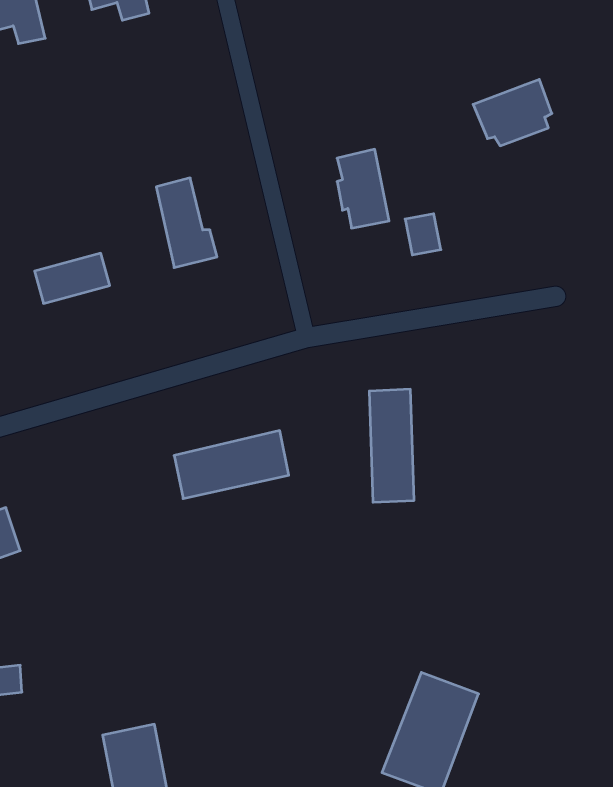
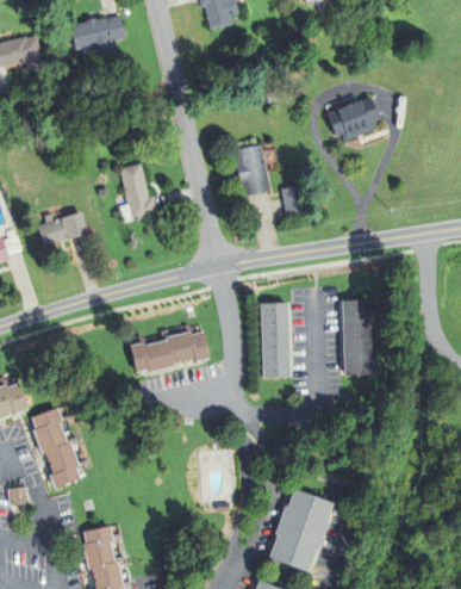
building: none -> [342,299,374,374]
building: none -> [30,407,89,489]

